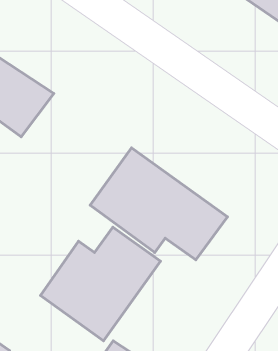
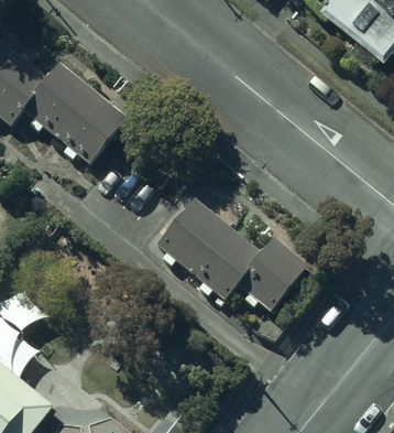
building: [41,227,161,341] -> none

